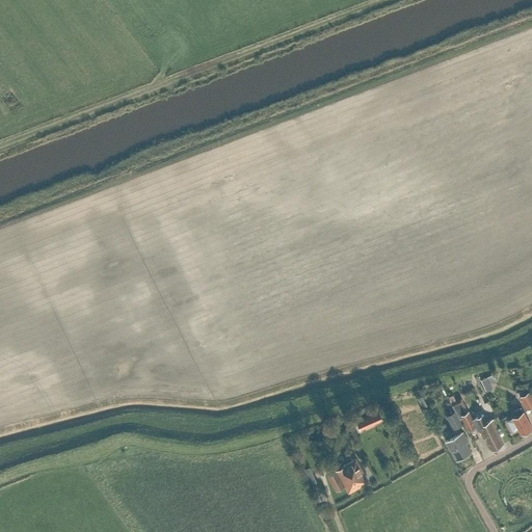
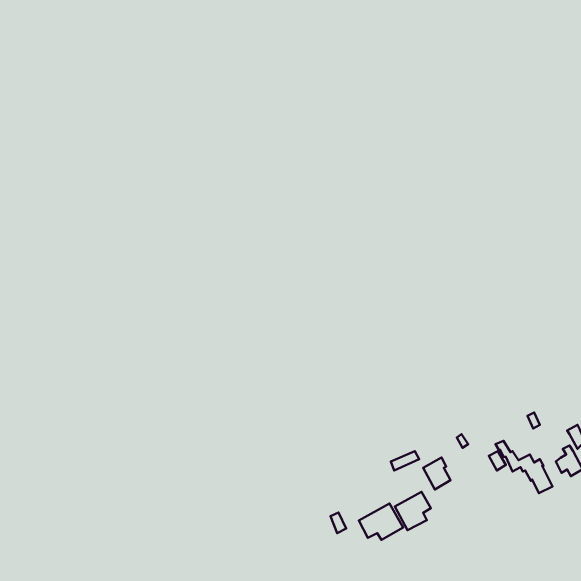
building: [447,432,472,461] -> [423,458,451,489]
building: none -> [395,492,431,530]

